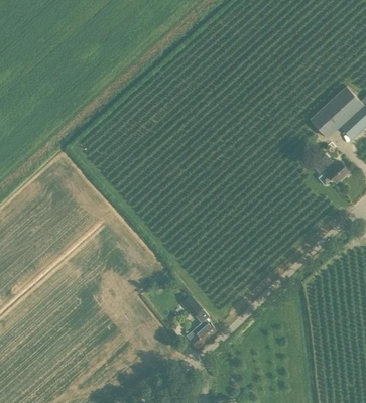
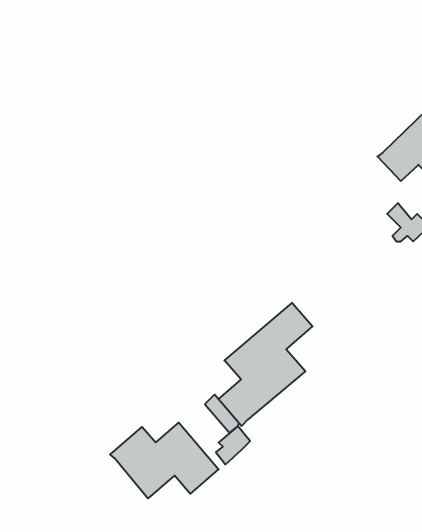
building: none -> [218,303,313,426]
building: none -> [110,423,219,498]

